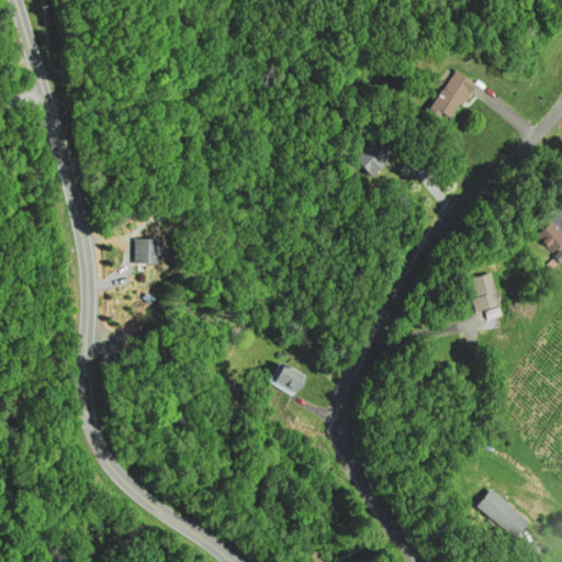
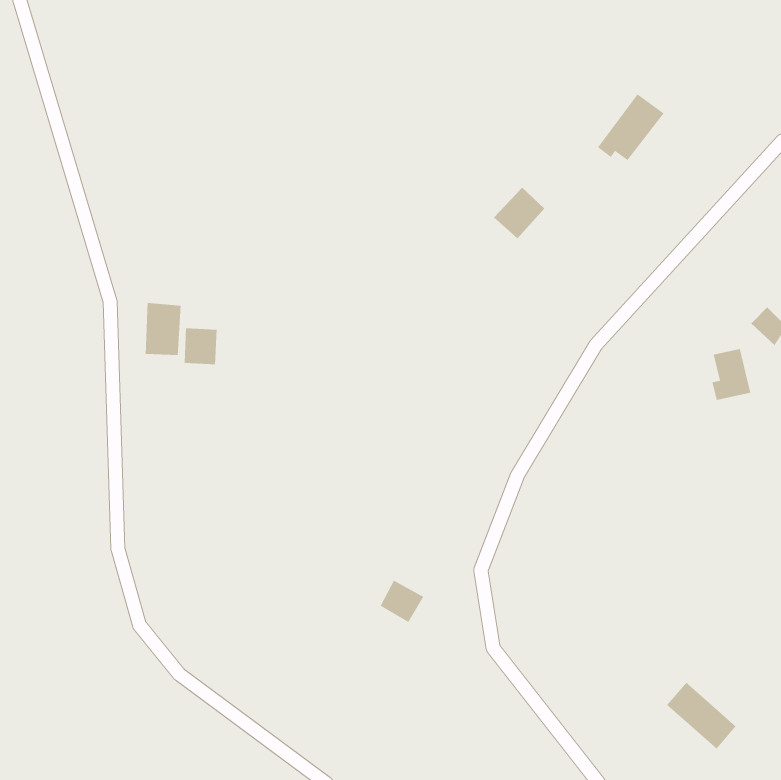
building: none -> [145,302,181,356]
building: [473,274,502,312] -> [711,348,751,401]
building: [273,363,305,394] -> [380,580,424,623]

